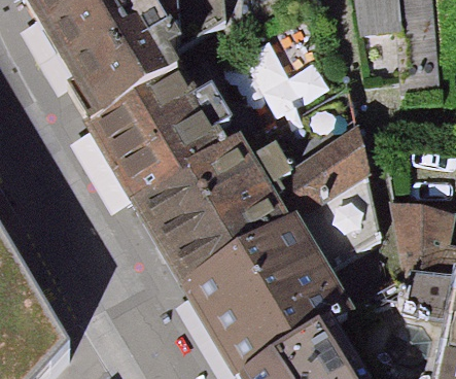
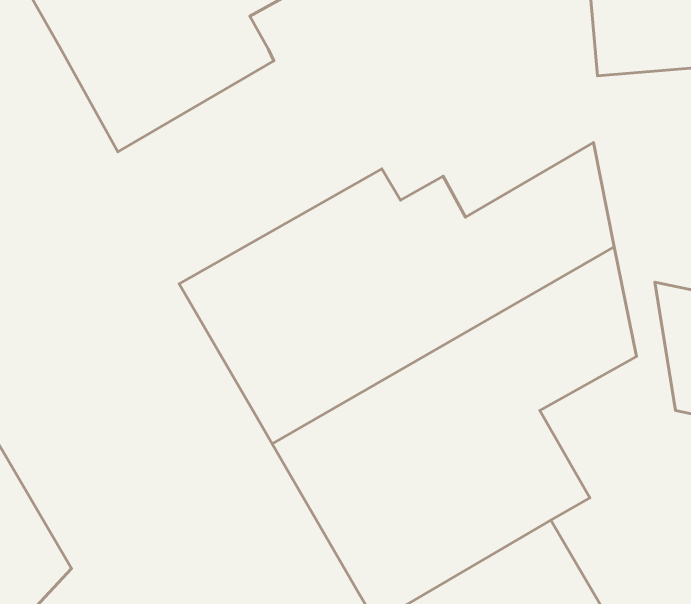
building: [89,73,241,197] -> none

